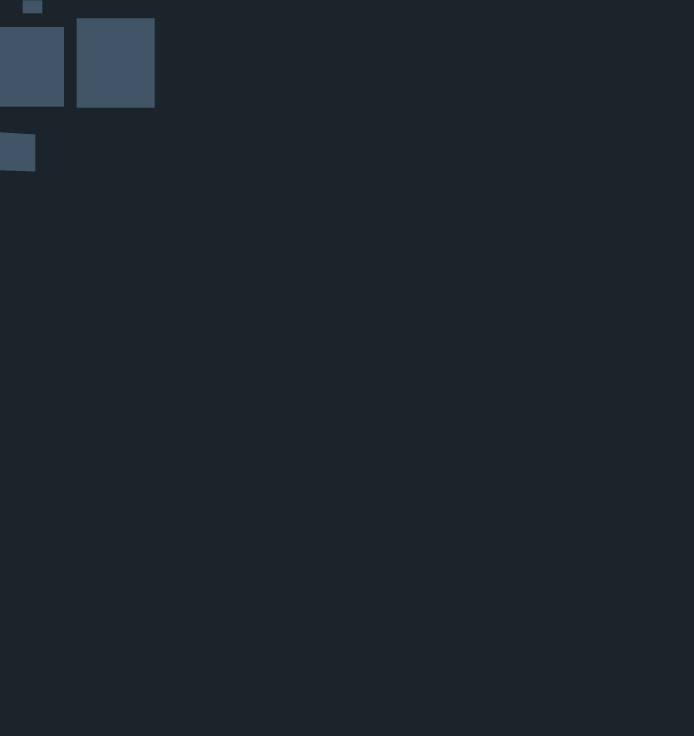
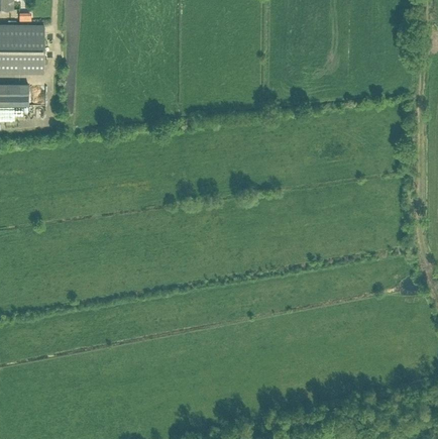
building: [76,17,155,108] -> none

